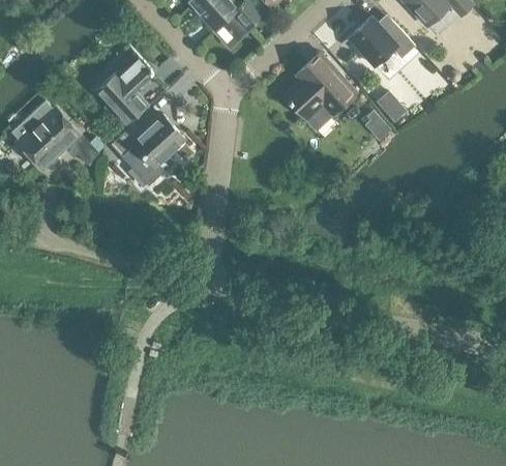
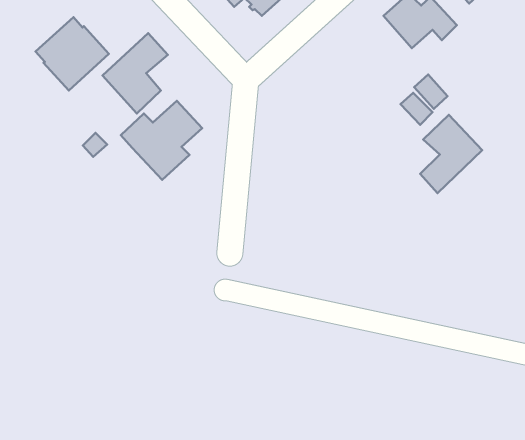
building: [284,53,357,120] -> none
building: [11,100,78,167] -> [36,17,109,90]
building: none -> [420,115,482,193]

